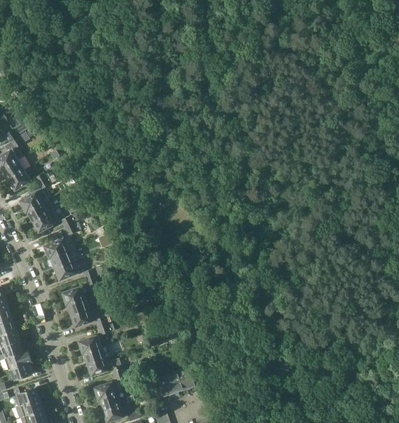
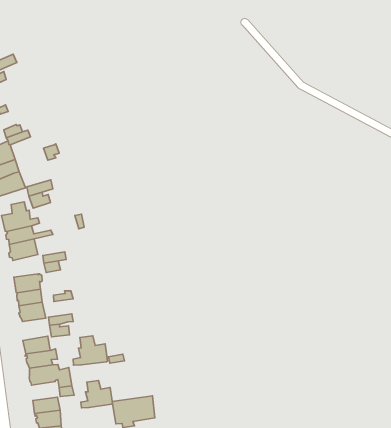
building: none -> [73,336,107,365]
building: none -> [81,380,112,408]

